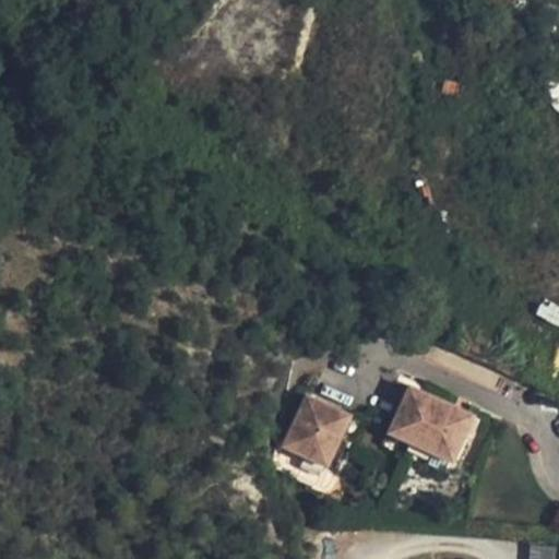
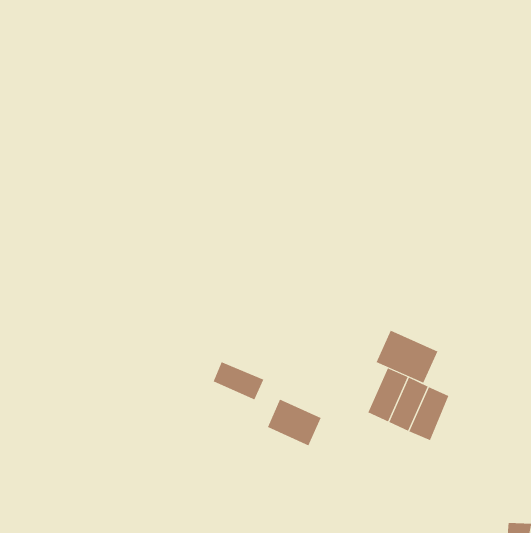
building: none -> [376,330,438,383]
building: [296,397,349,438] -> [213,362,264,400]

